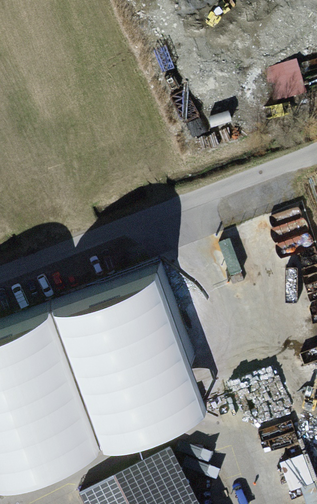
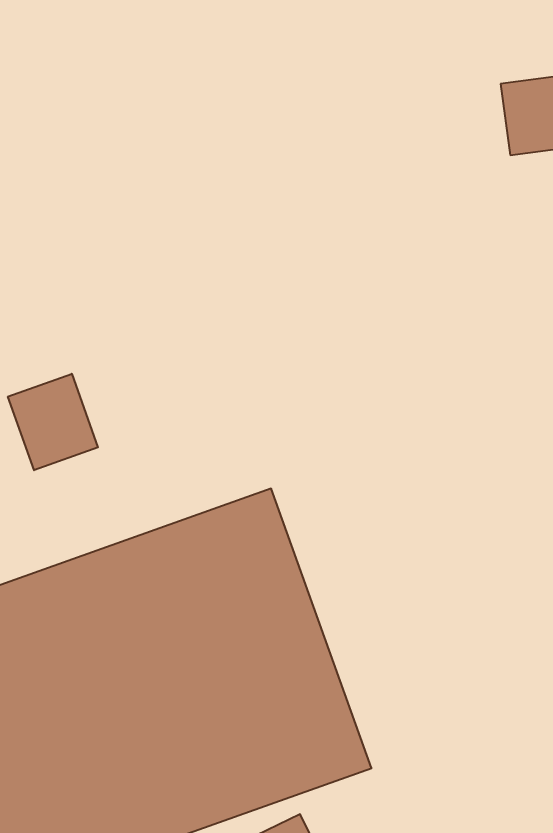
building: none -> [8,374,98,470]

